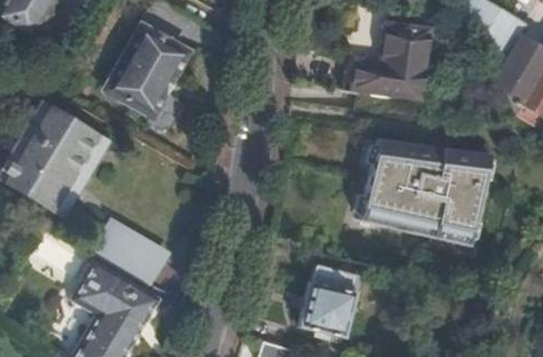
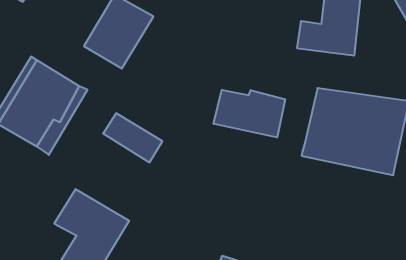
building: none -> [214,90,285,137]
building: [91,224,162,282] -> [103,113,162,162]
building: [301,265,363,337] -> none

